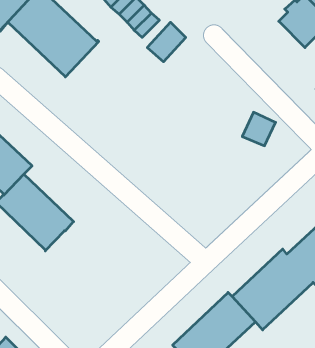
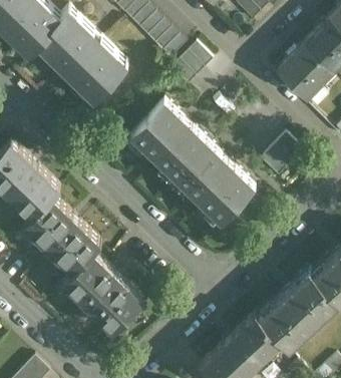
building: none -> [277,46,329,99]
building: none -> [129,100,252,221]
building: none -> [61,254,140,333]

